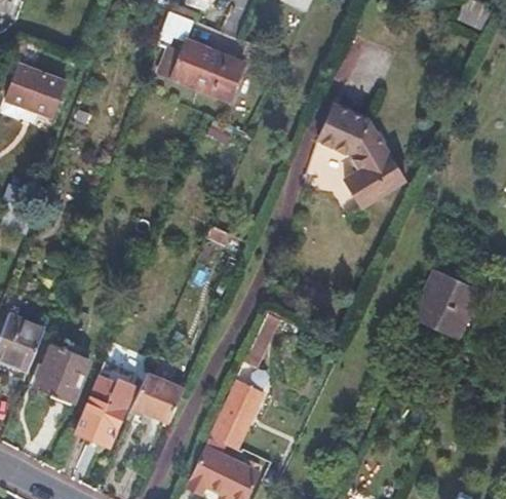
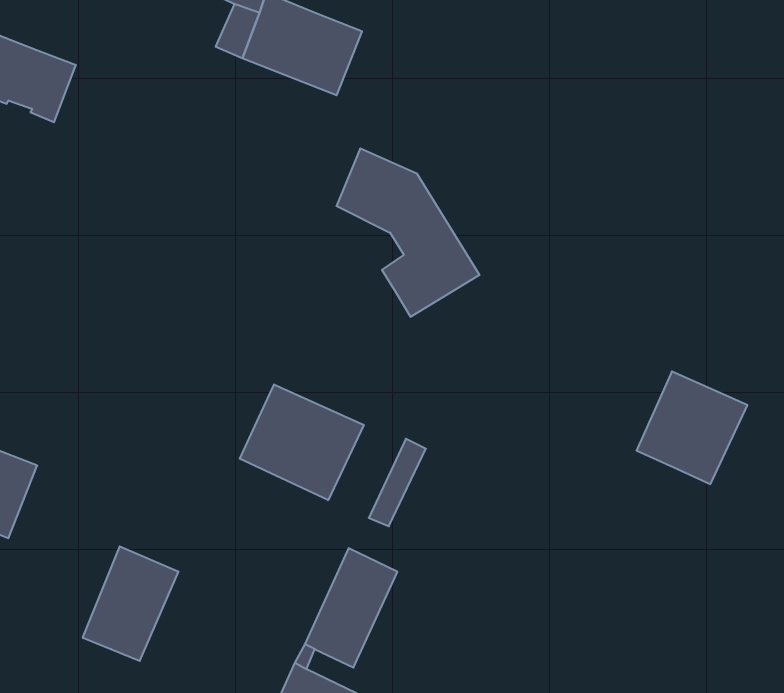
building: [317,105,404,207] -> [336,149,480,317]
building: none -> [240,384,364,500]
building: [35,346,88,405] -> none
building: [133,374,183,422] -> none

